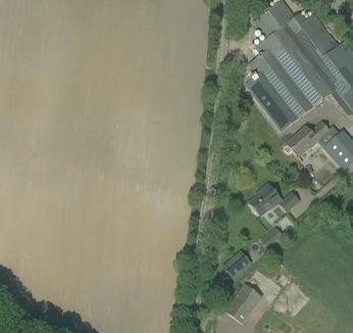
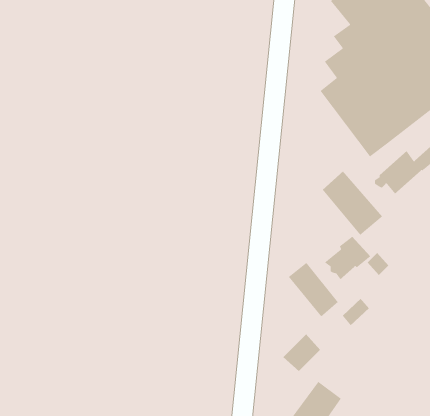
building: none -> [322,170,383,236]
building: none -> [288,262,339,317]

